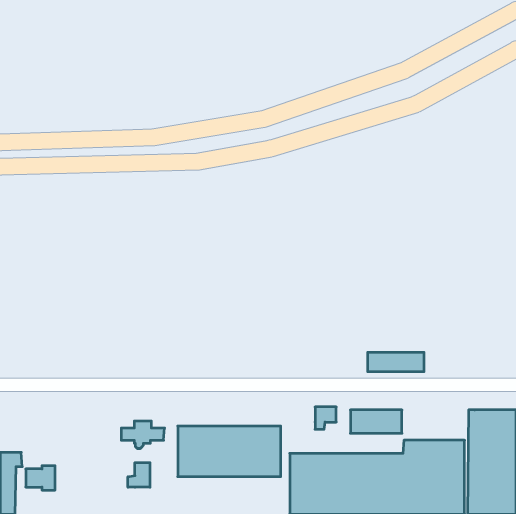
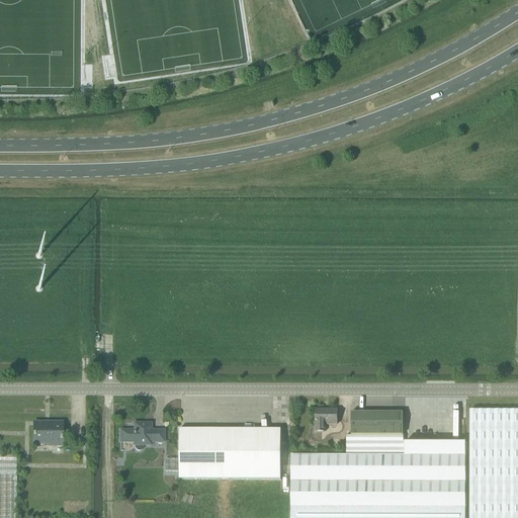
building: [368,352,424,372] -> [346,434,403,453]
building: [128,463,150,487] -> none
building: [26,466,55,490] -> [33,421,63,445]

